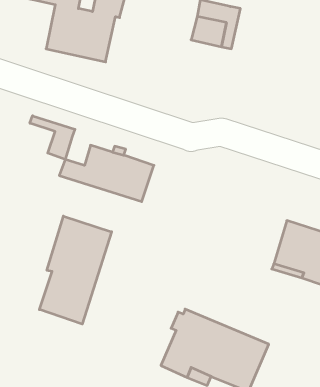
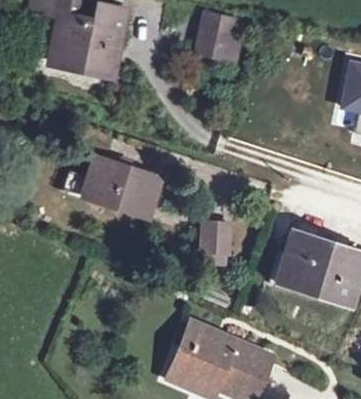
building: [30,116,75,159] -> none
building: none -> [205,223,235,265]
building: [39,216,112,324] -> none

